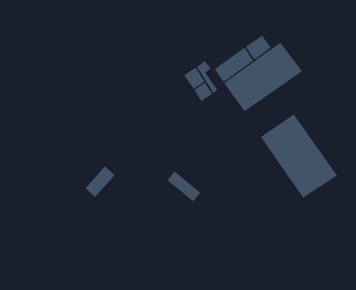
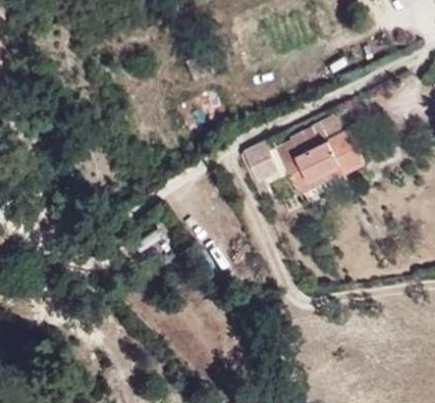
building: [260,113,338,198] -> none

